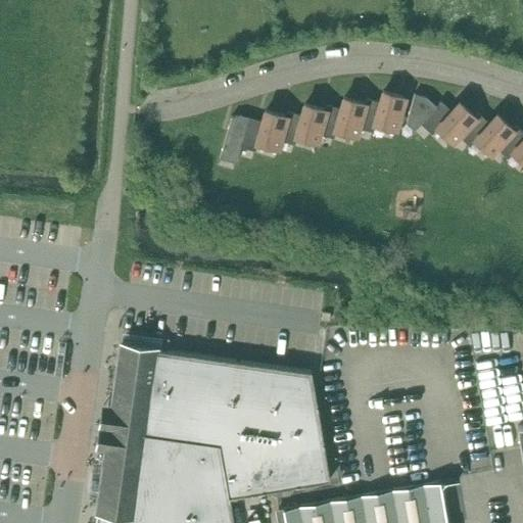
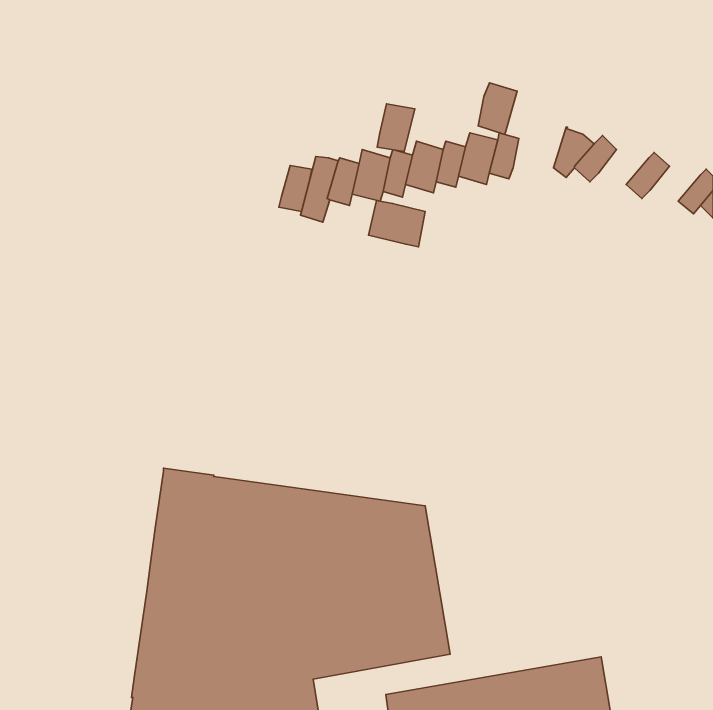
building: none -> [377,104,415,151]
building: [375,94,403,132] -> [478,83,517,134]
building: [437,104,474,144] -> none
building: [475,116,512,156] -> none
building: none -> [279,166,312,211]
building: none -> [368,201,425,247]

